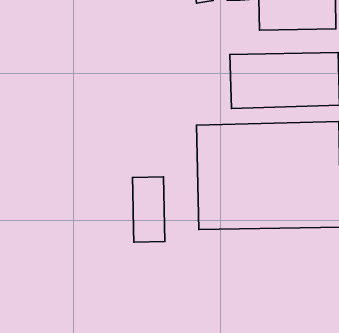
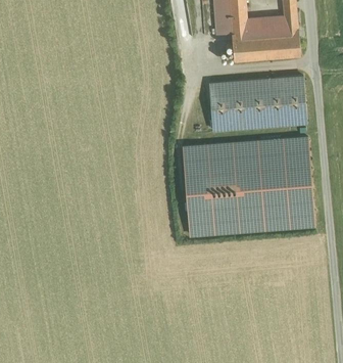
building: [133,177,165,242] -> none

